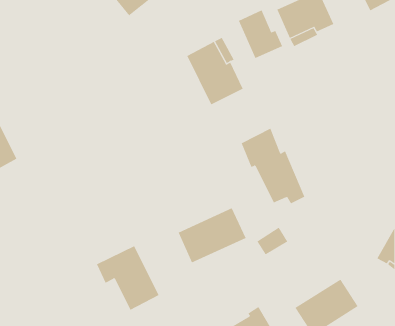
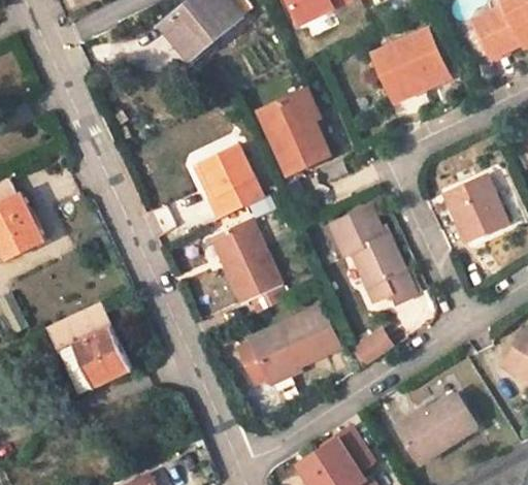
building: [238,10,283,59] -> none
building: none -> [199,144,264,219]
building: none -> [442,175,506,242]
building: none -> [211,216,278,300]
building: [96,246,160,310] -> [50,306,130,389]

